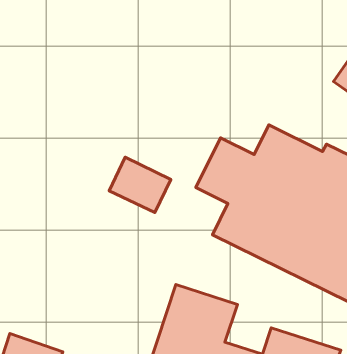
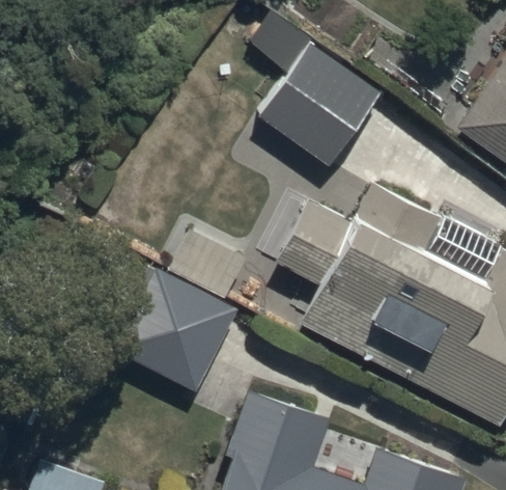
building: none -> [259,43,380,164]
building: none -> [103,263,240,392]

